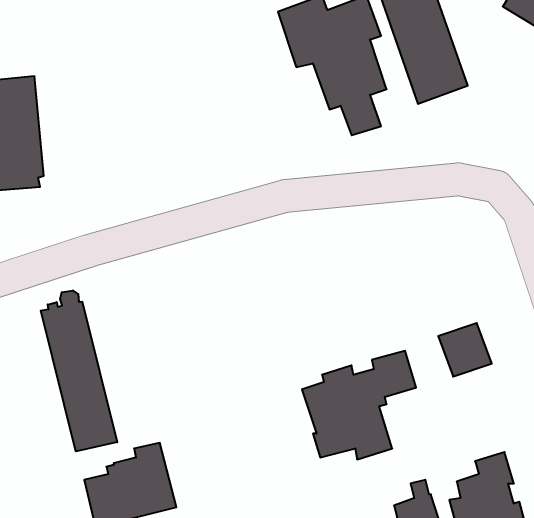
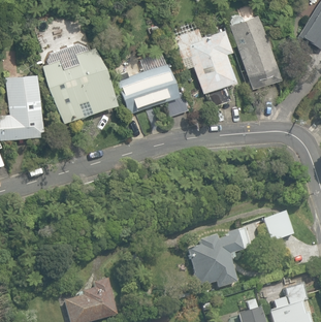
building: none -> [42,42,116,122]
building: none -> [115,52,187,115]
building: [41,290,117,451] -> none

